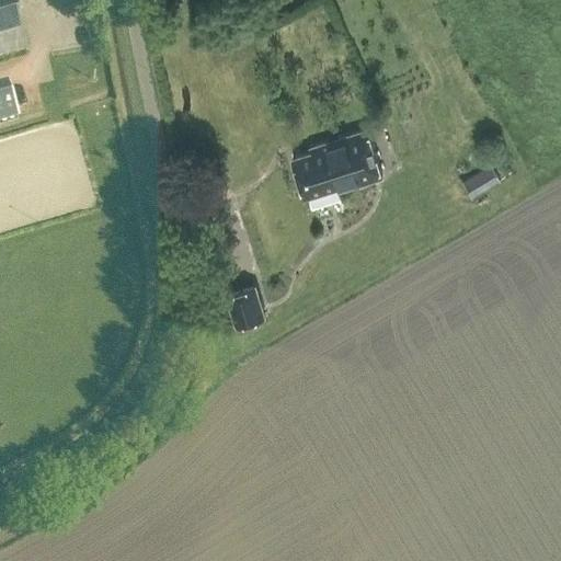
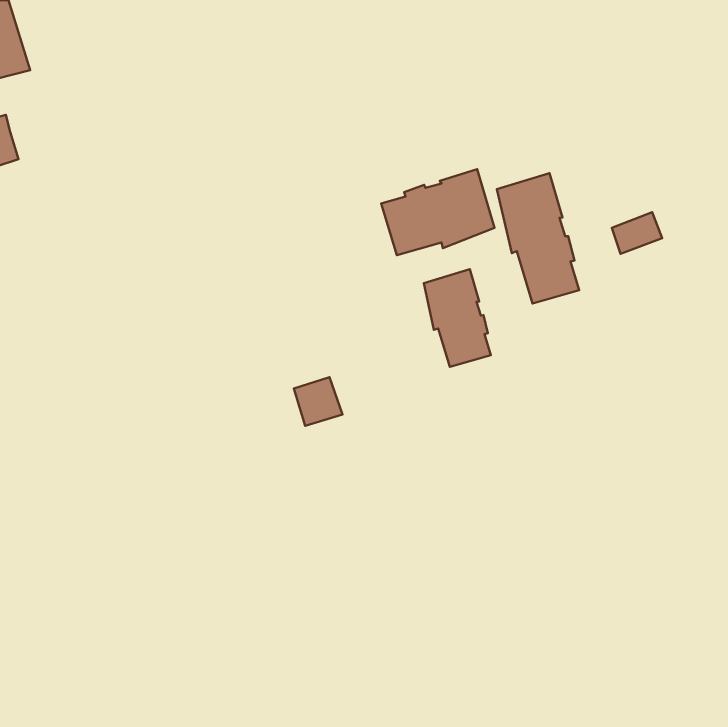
building: none -> [497,173,579,304]
building: none -> [424,269,491,367]

